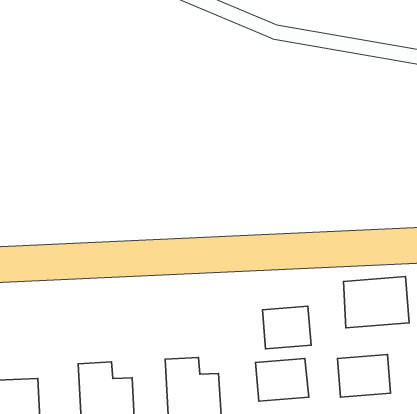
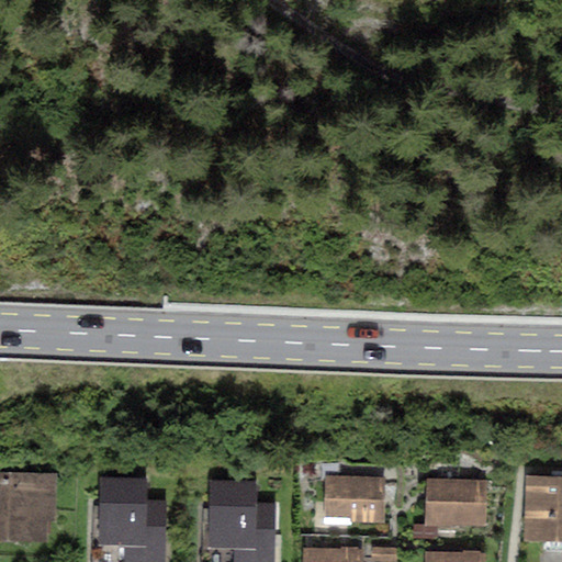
building: [343,277,409,328] -> none
building: [262,306,311,349] -> none

